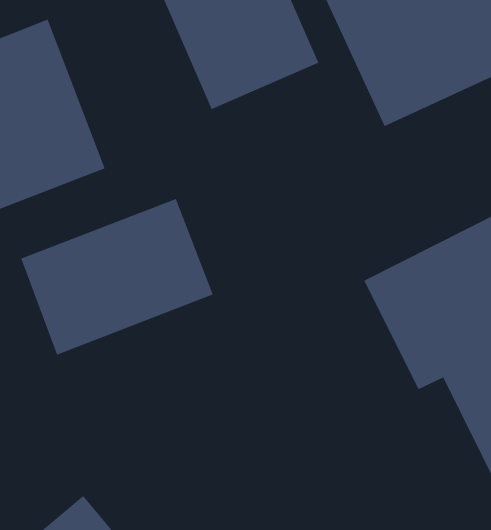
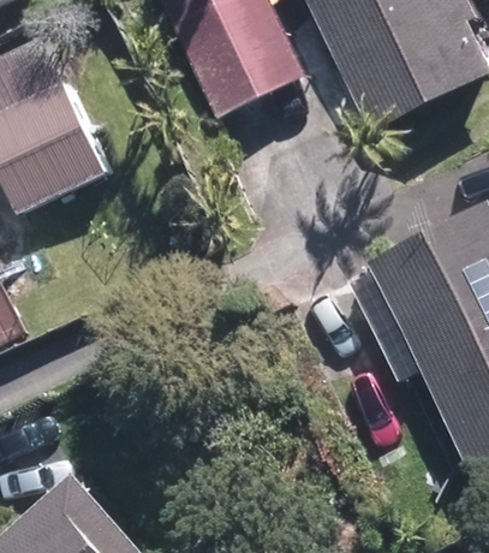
building: [21,198,213,356] -> none

